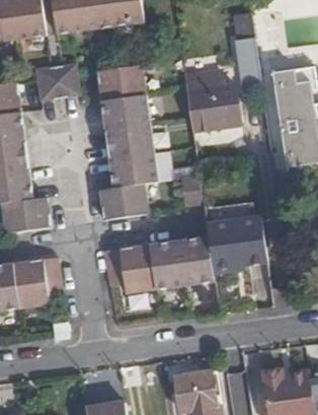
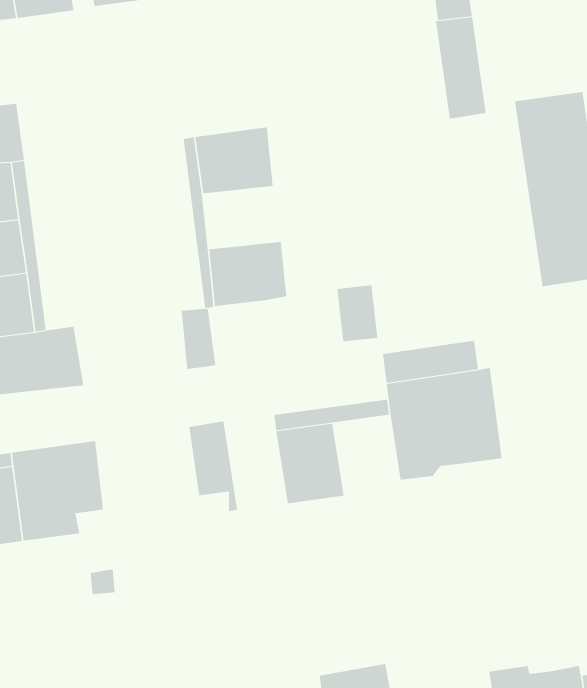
building: [36,62,80,97] -> none
building: [98,64,147,99] -> none
building: [188,68,236,130] -> none
building: [113,124,154,156] -> none
building: [116,183,149,216] -> none
building: [125,241,157,290] -> none
building: [180,241,215,283] -> none

